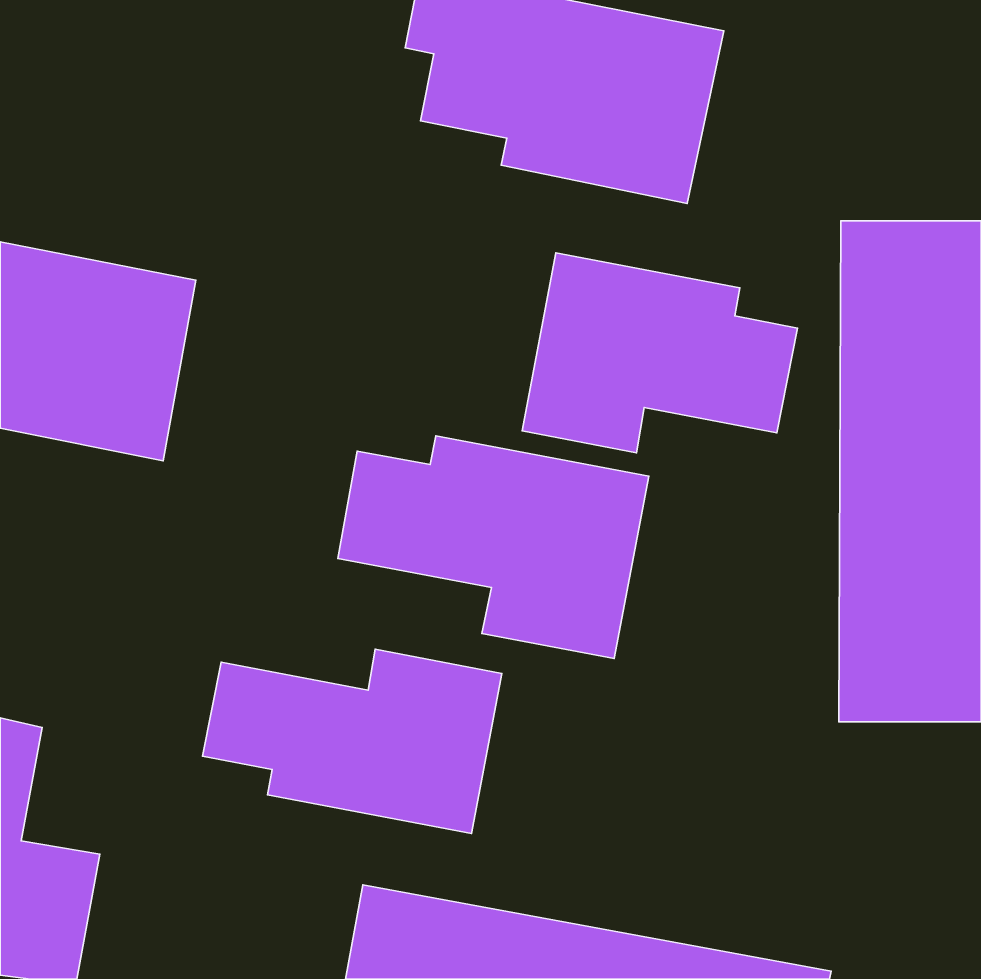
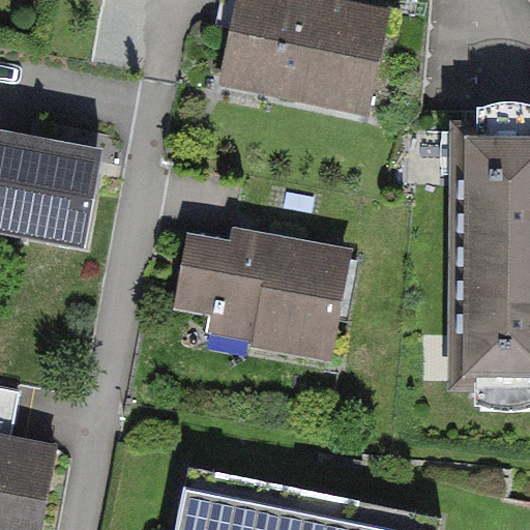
building: [522,253,798,453] -> none
building: [202,649,502,834] -> none

